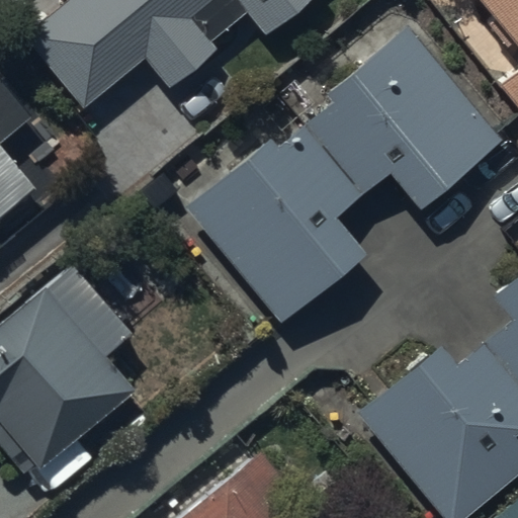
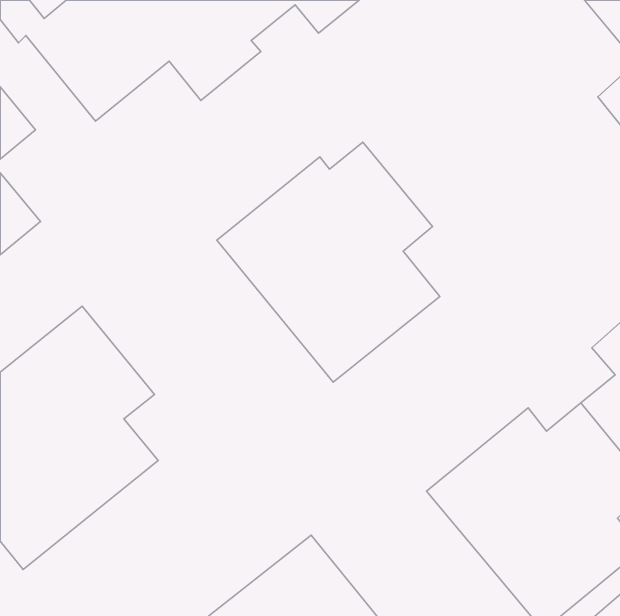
building: [305,25,503,208] -> none

